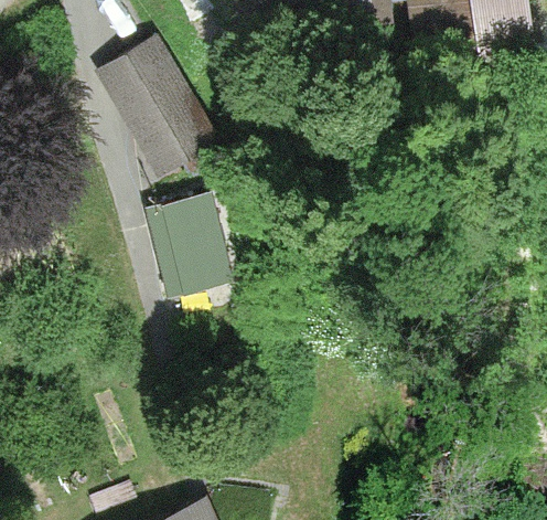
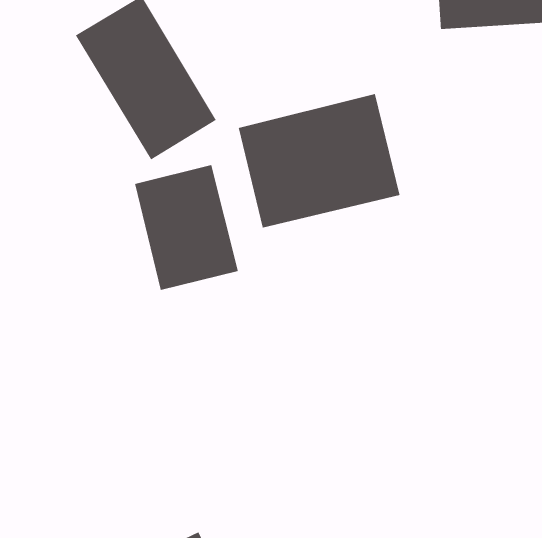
building: none -> [238,93,401,228]

